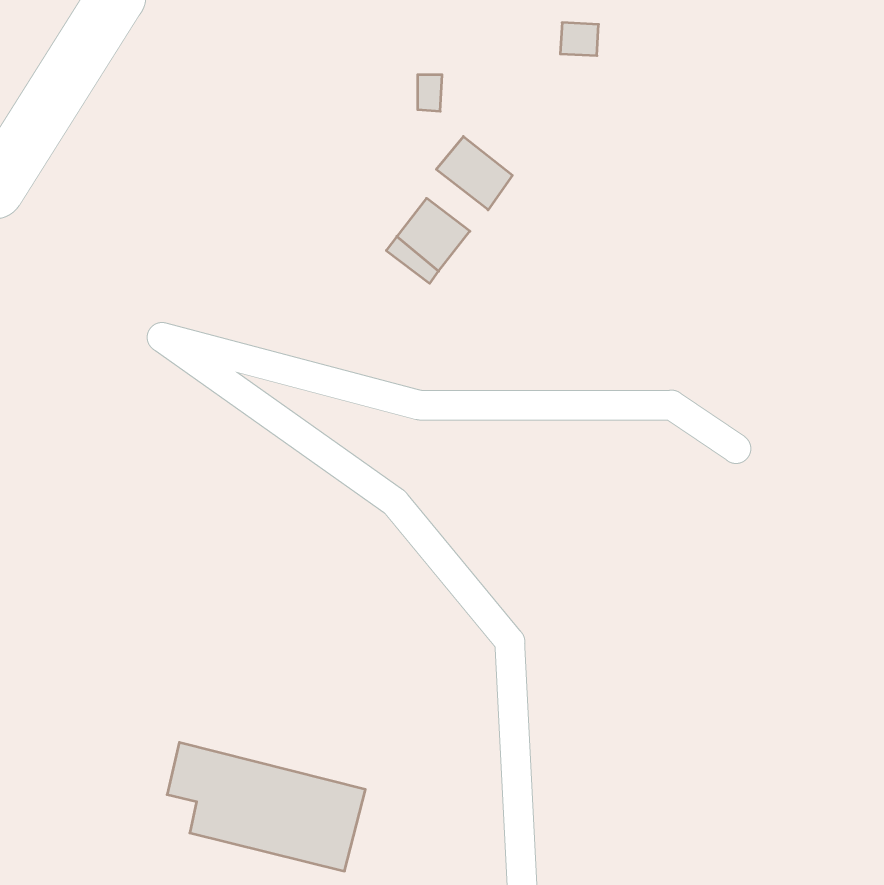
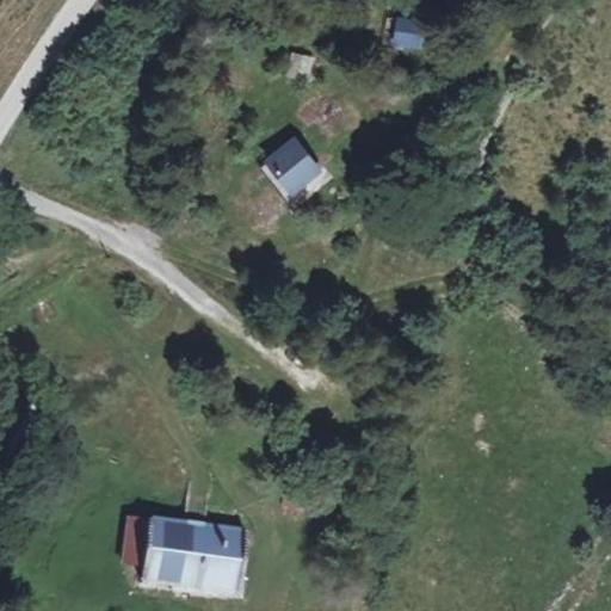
building: [436,136,512,210] -> none

